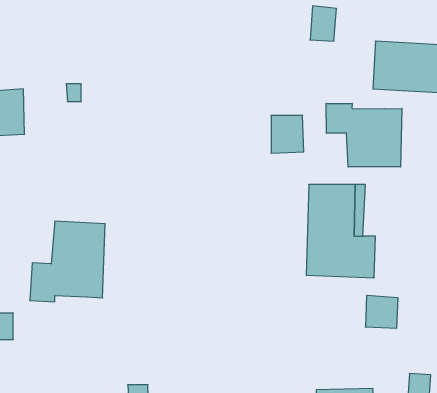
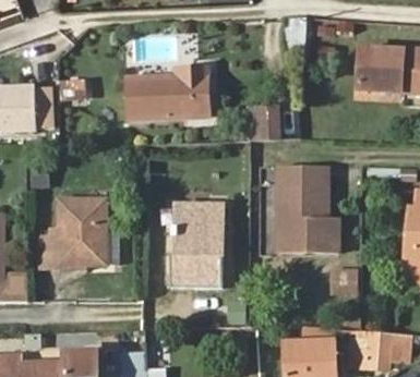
building: none -> [128,66,208,119]
building: [326,103,402,167] -> none
building: none -> [170,209,221,293]

